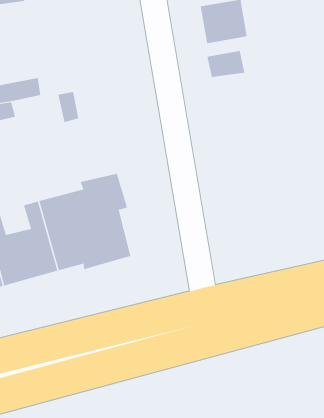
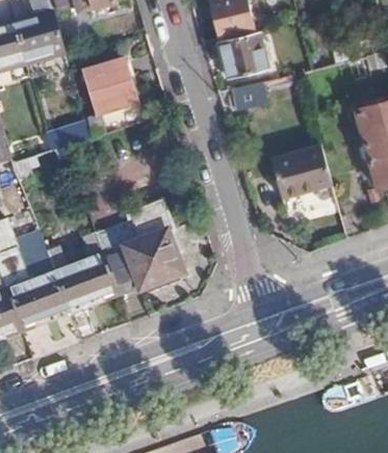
building: none -> [82,61,133,114]
building: none -> [273,140,333,195]

